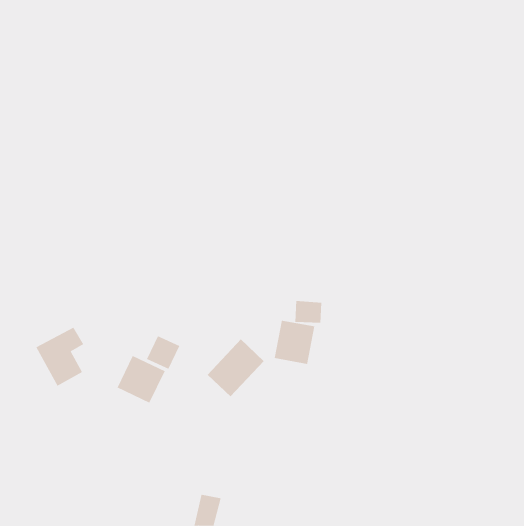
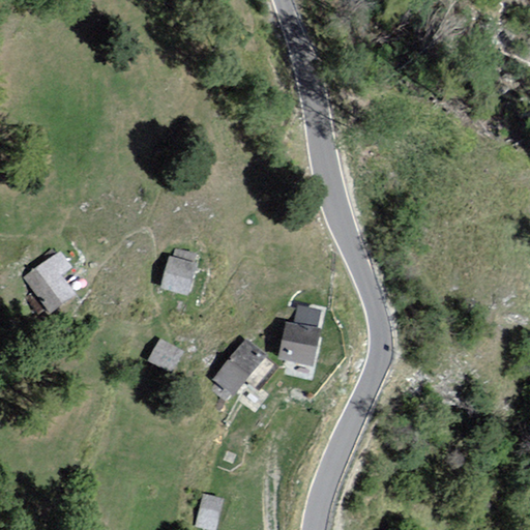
building: none -> [157,257,197,297]
building: [36,327,84,386] -> [23,251,71,311]
building: [117,355,165,404] -> none

